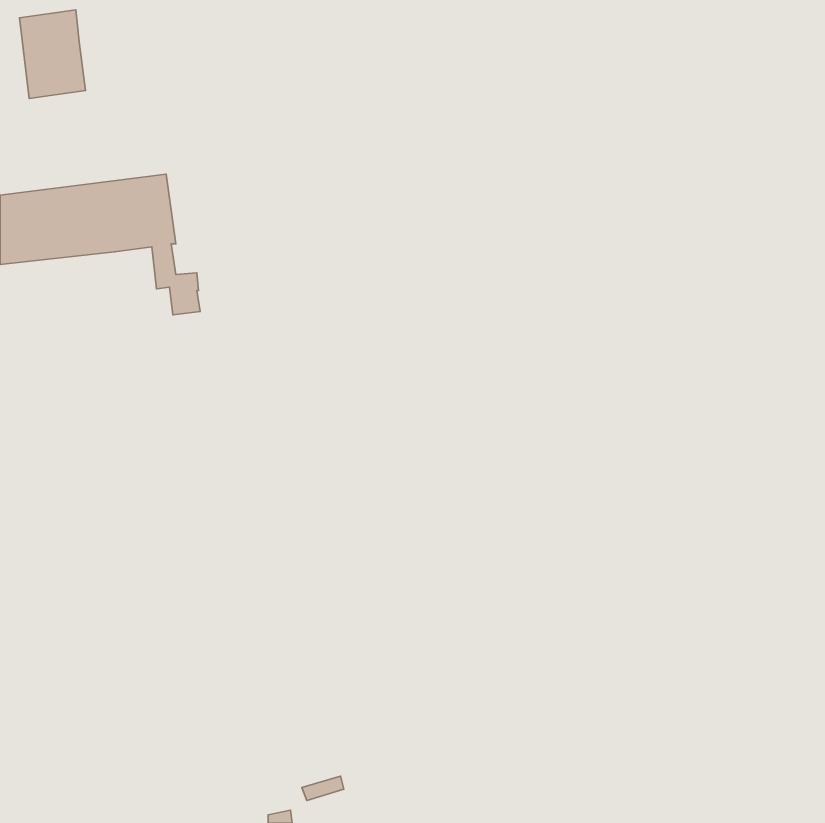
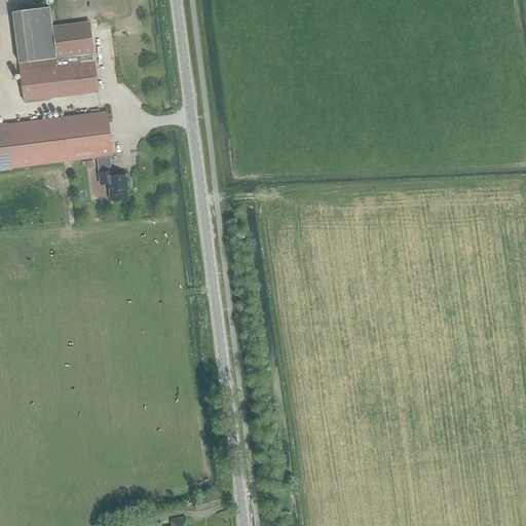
building: none -> [18,22,98,101]

